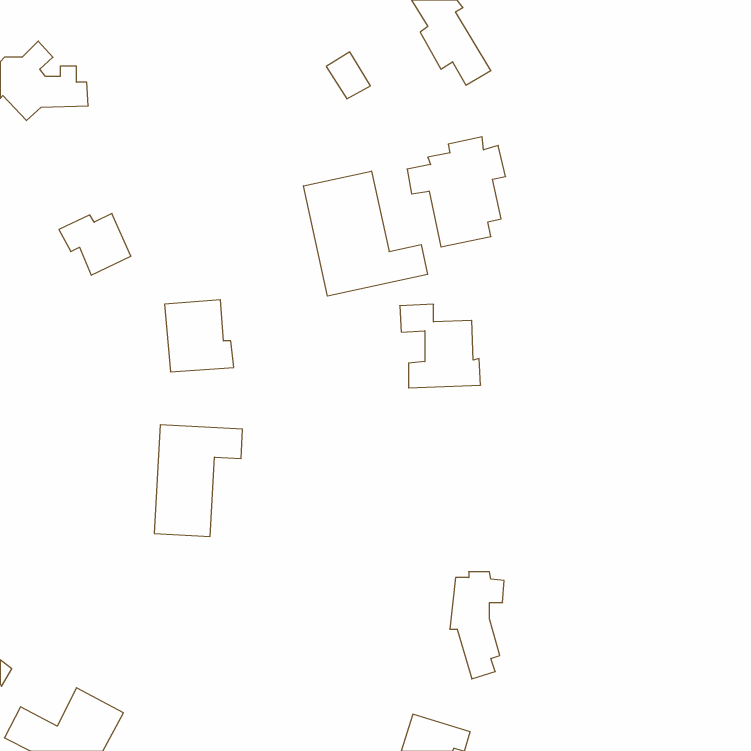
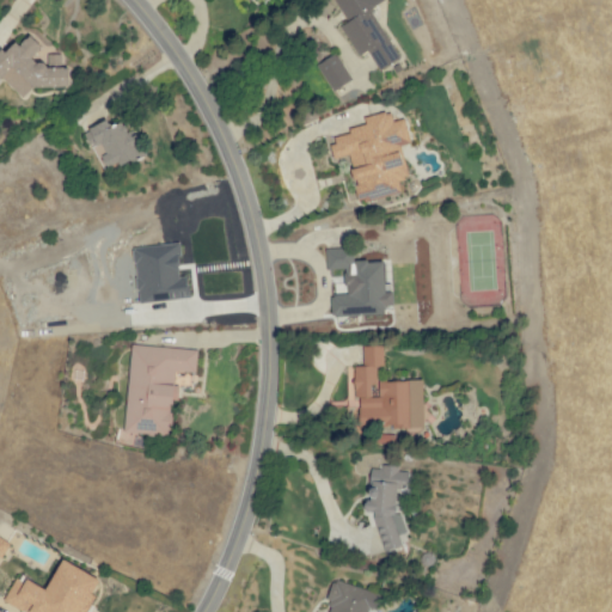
building: [326,52,370,99] -> [317,53,353,91]
building: [304,171,428,296] -> none
building: [59,213,131,275] -> [82,118,141,169]
building: none -> [355,347,424,428]

